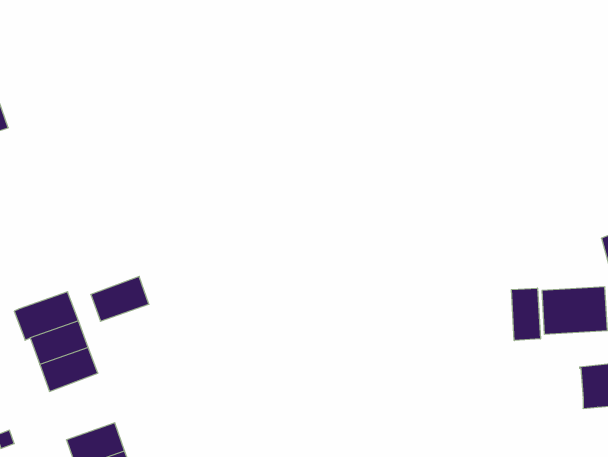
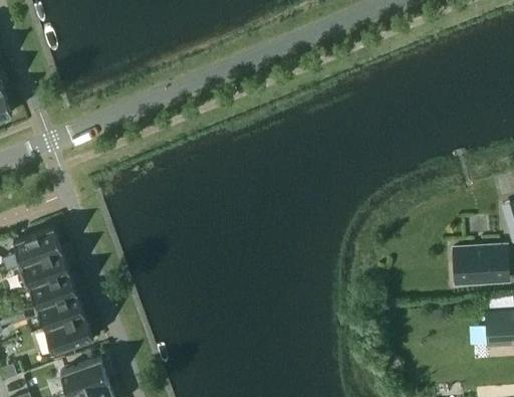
building: [91,276,149,321] -> [12,227,60,264]
building: [511,288,540,341] -> none
building: none -> [45,318,92,354]

